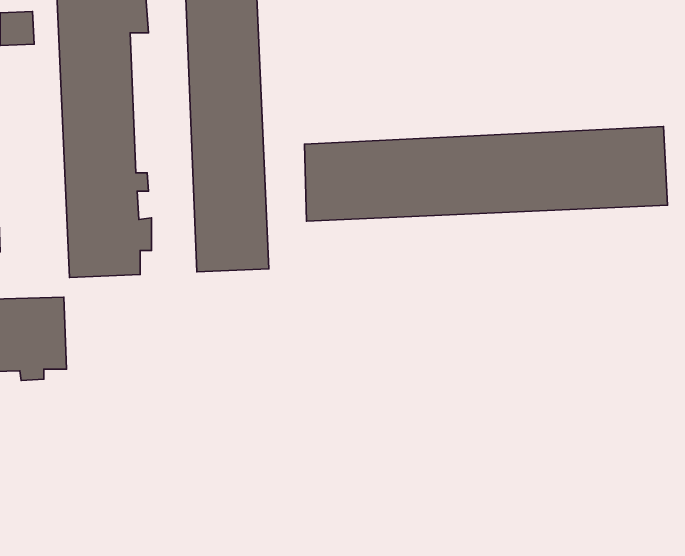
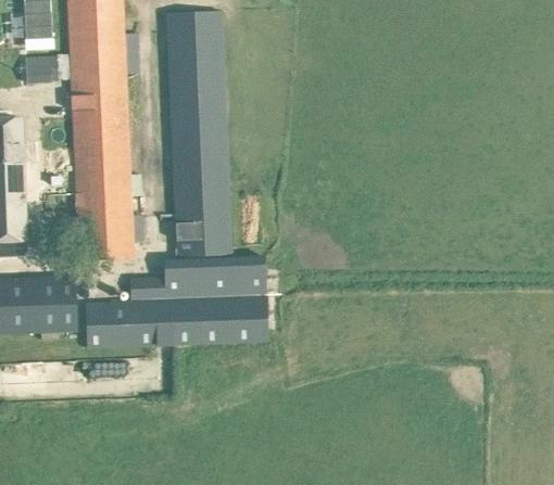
building: [304,127,667,221] -> none
building: none -> [86,264,268,347]

